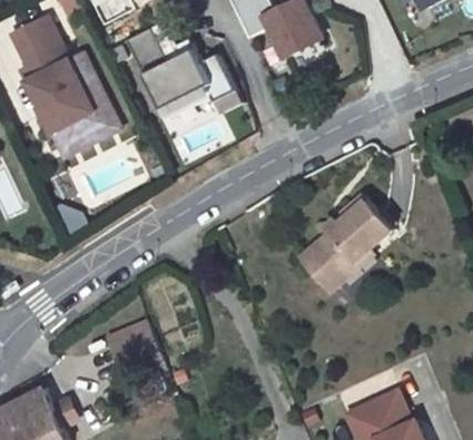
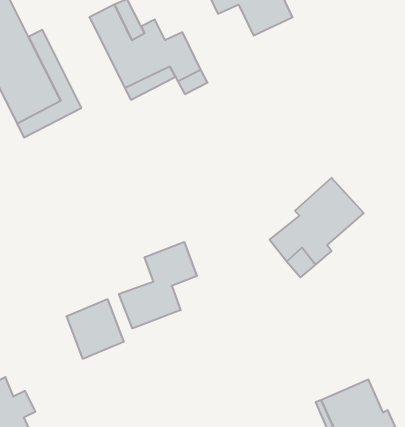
building: none -> [119,242,197,328]

